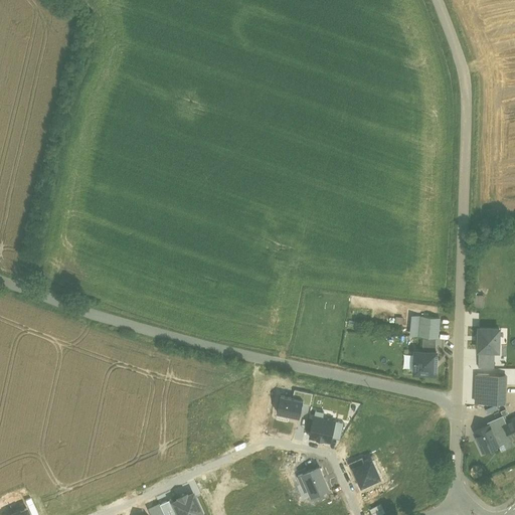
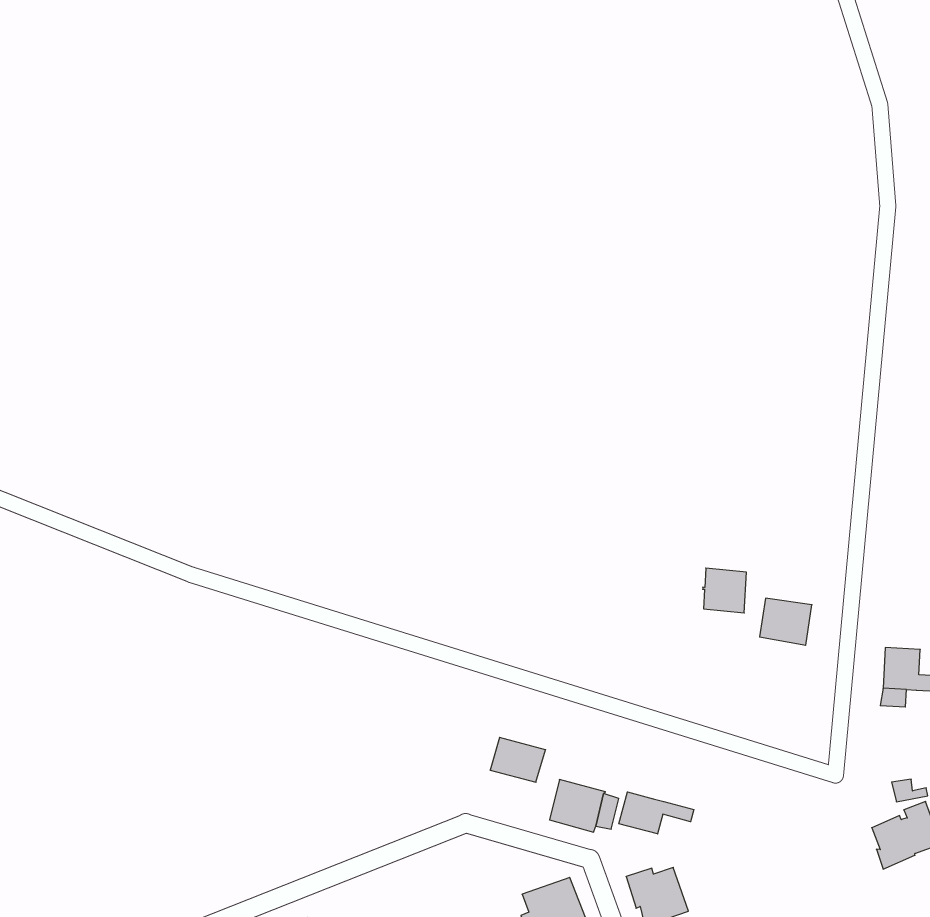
building: [413,353,436,375] -> [703,568,746,613]
building: [475,375,498,404] -> none
building: none -> [619,792,694,834]

